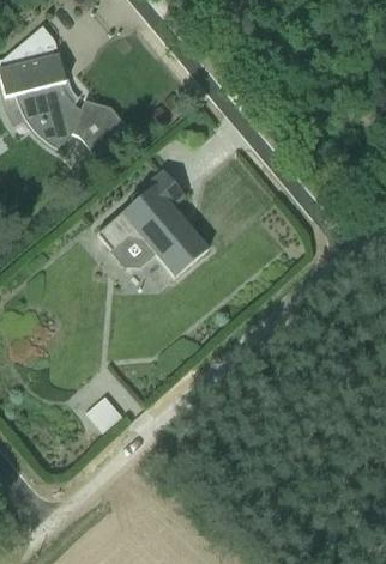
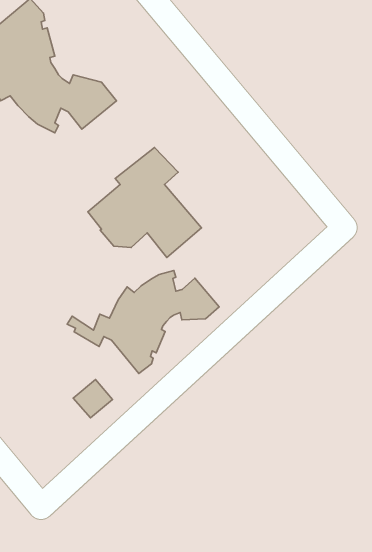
building: none -> [67,271,219,373]

